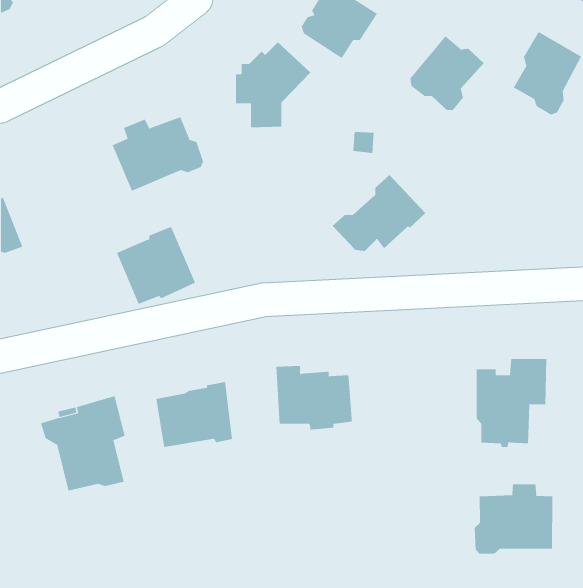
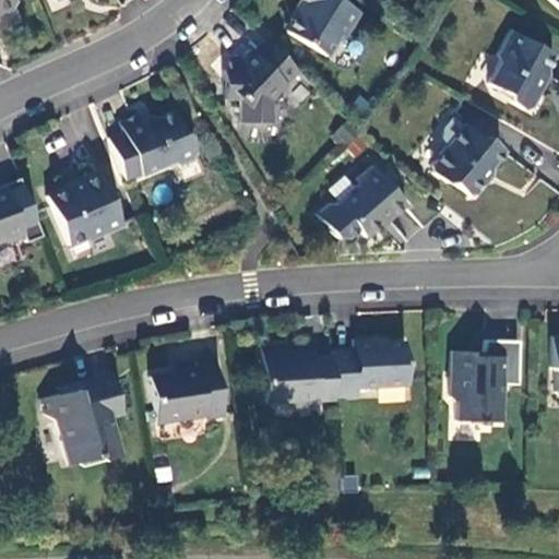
building: [410,35,484,110] -> [436,124,507,195]
building: [116,226,196,305] -> [49,170,124,245]
building: none -> [335,340,412,396]
building: [474,483,553,555] -> none

